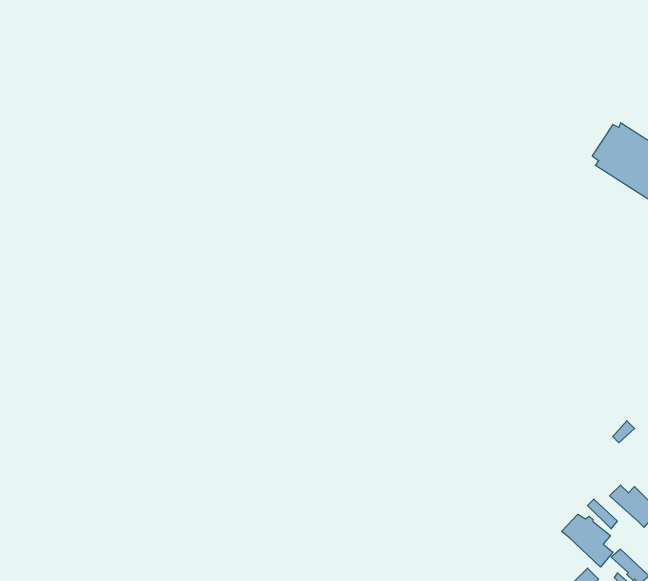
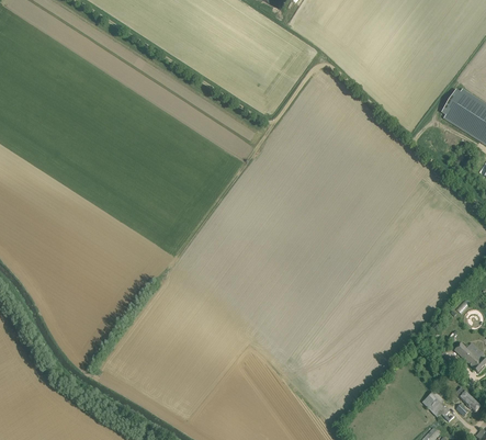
building: [562,514,613,567] -> none

